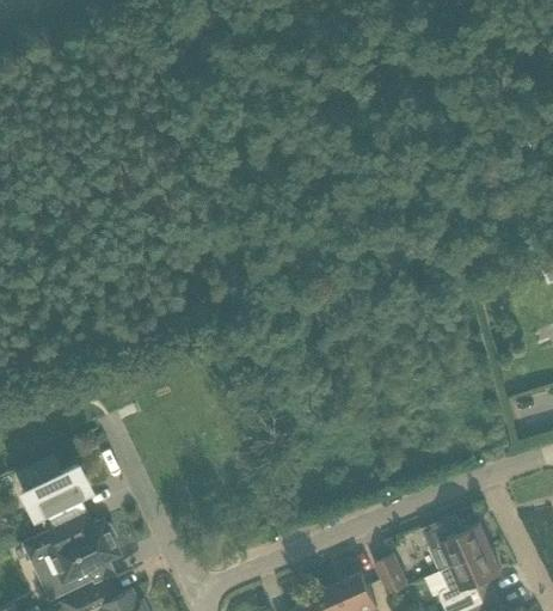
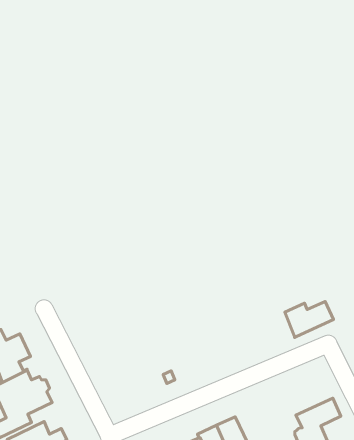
building: [428,527,492,575] -> [285,301,333,337]
building: [376,557,410,597] -> none

